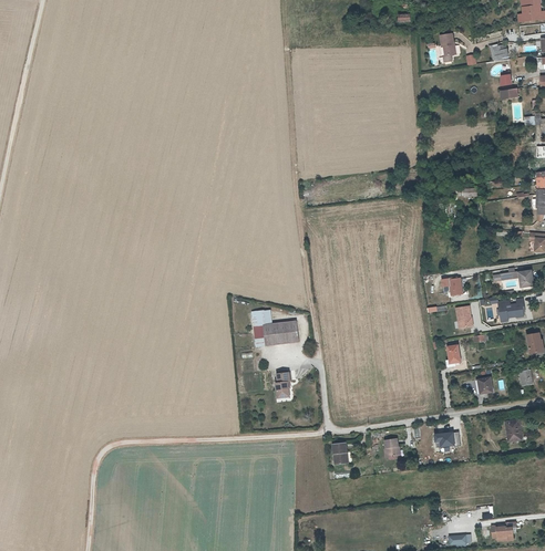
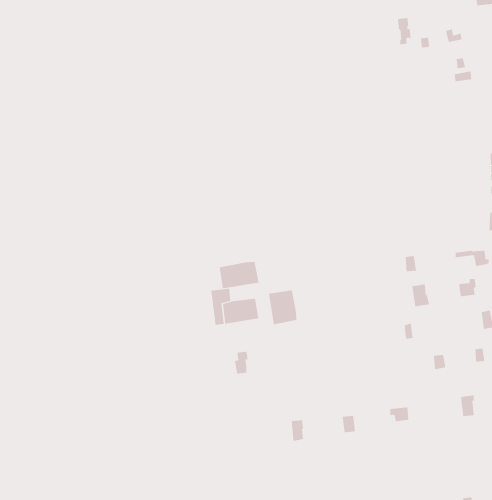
building: none -> [219,261,259,289]
building: none -> [268,289,297,325]

